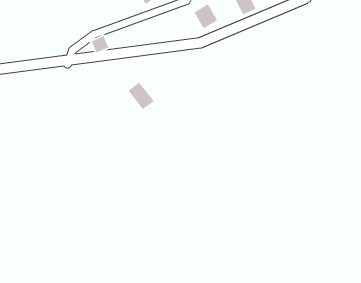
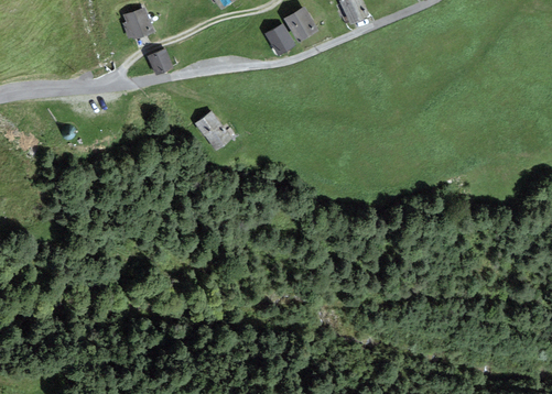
building: none -> [120,7,152,37]
building: none -> [266,23,295,54]

